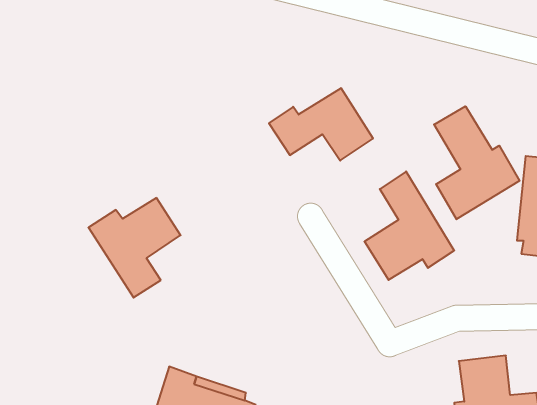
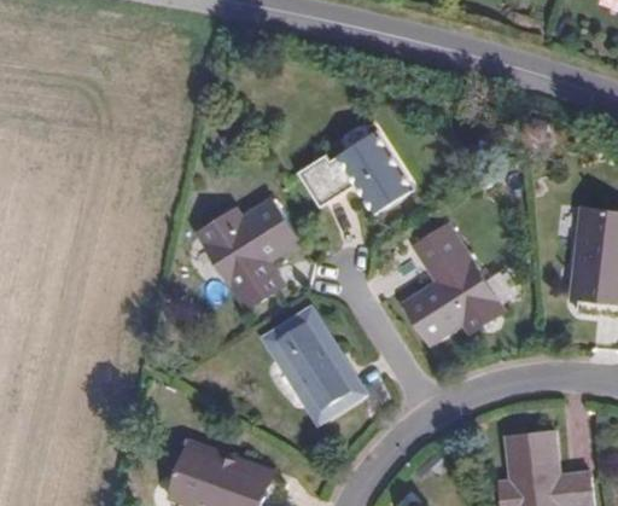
building: [434,106,520,219] -> none
building: [88,198,181,298] -> [196,197,297,307]
building: none -> [267,314,356,418]

